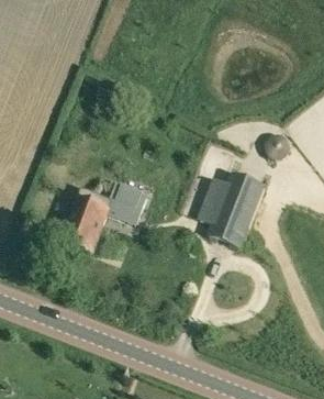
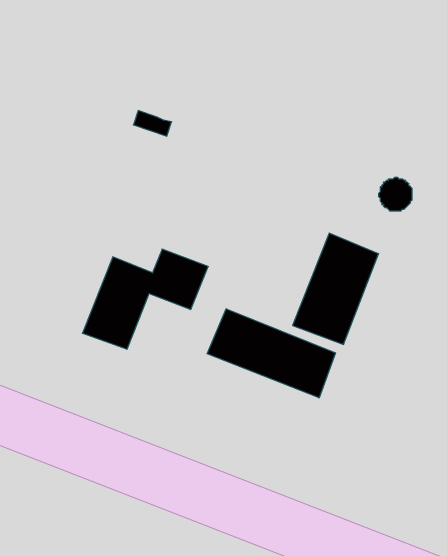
building: none -> [207,309,336,398]

